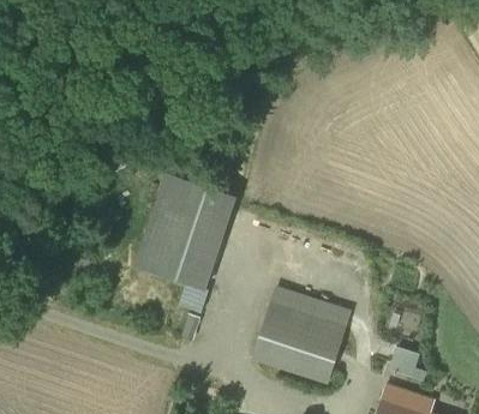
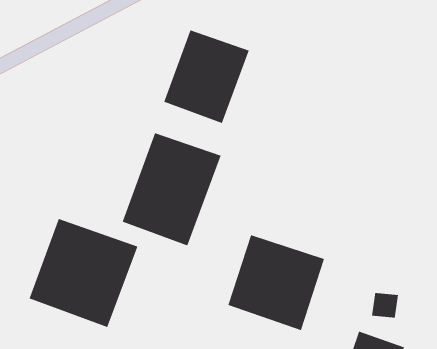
building: none -> [163,30,250,124]
building: none -> [29,218,138,328]

